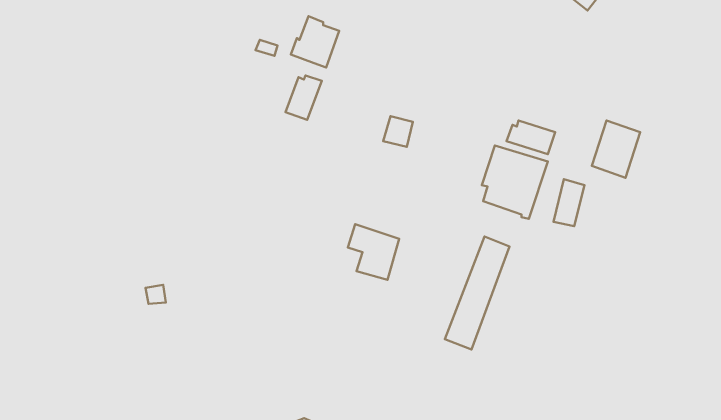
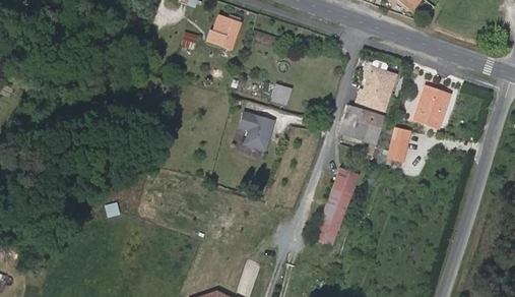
building: [285,75,322,120] -> none
building: none -> [364,65,396,95]
building: [348,224,399,280] -> [239,111,274,150]

